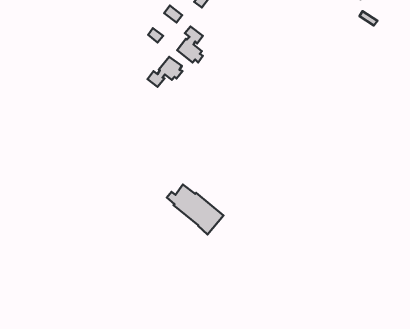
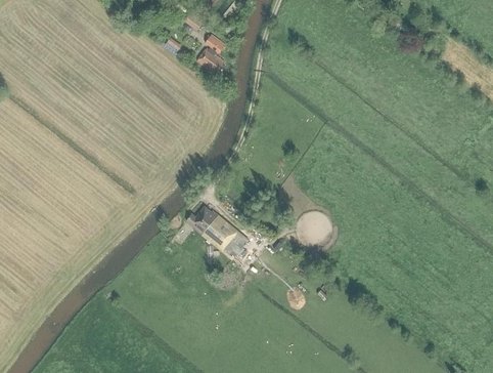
building: [148,57,182,87] -> none

